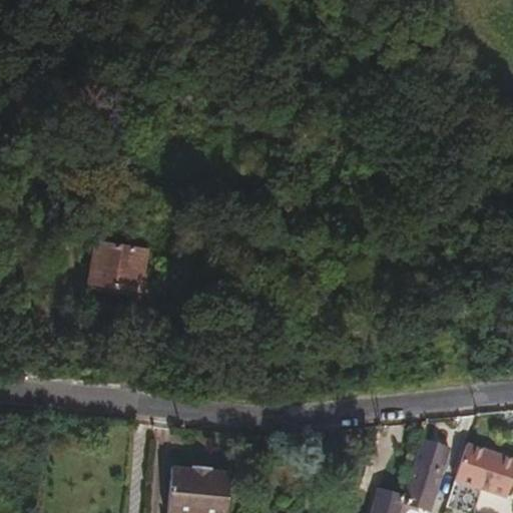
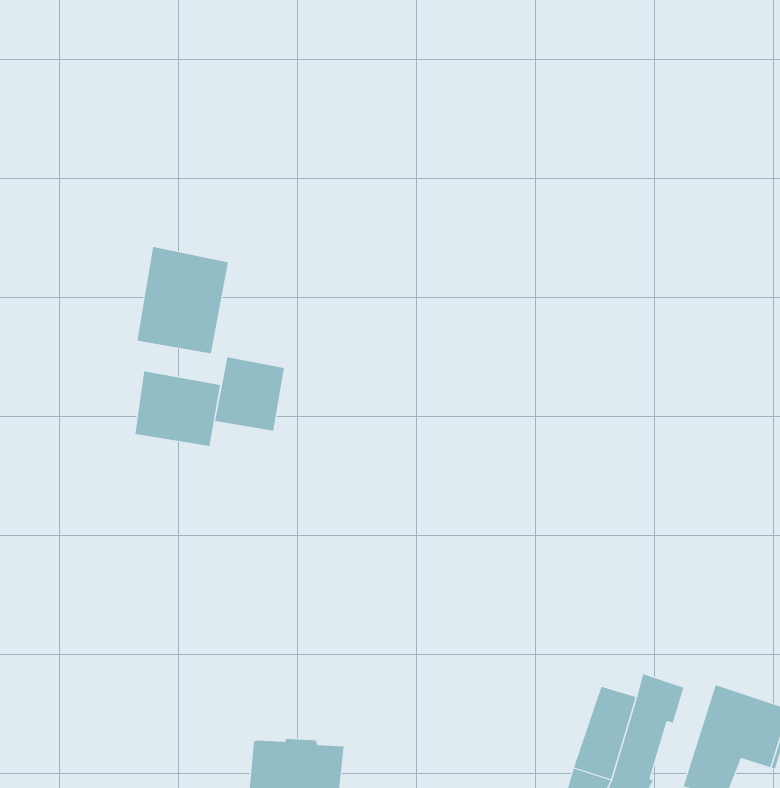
building: none -> [137,246,228,354]
building: none -> [214,357,285,431]

